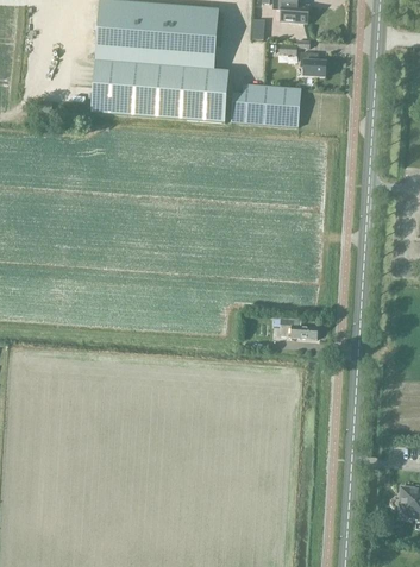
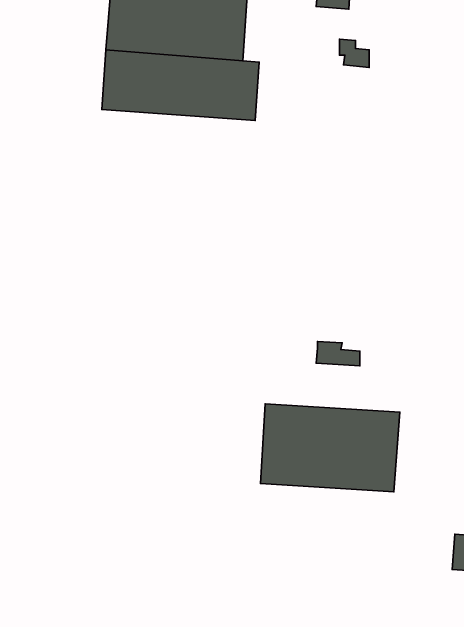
building: [231,82,302,125] -> none
building: none -> [260,404,400,492]

